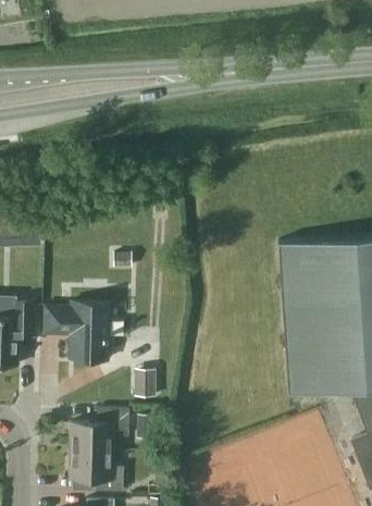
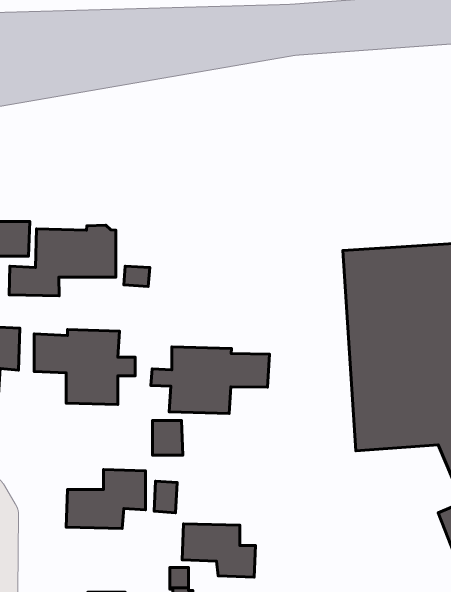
building: none -> [9,225,116,296]
building: none -> [151,347,270,413]
building: [67,452,123,492] -> [182,524,256,577]

